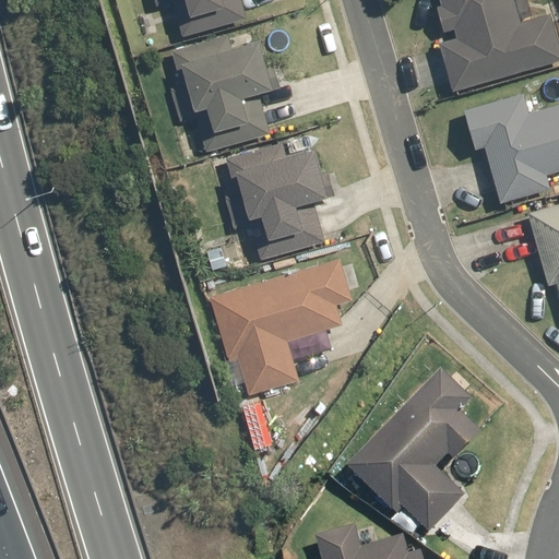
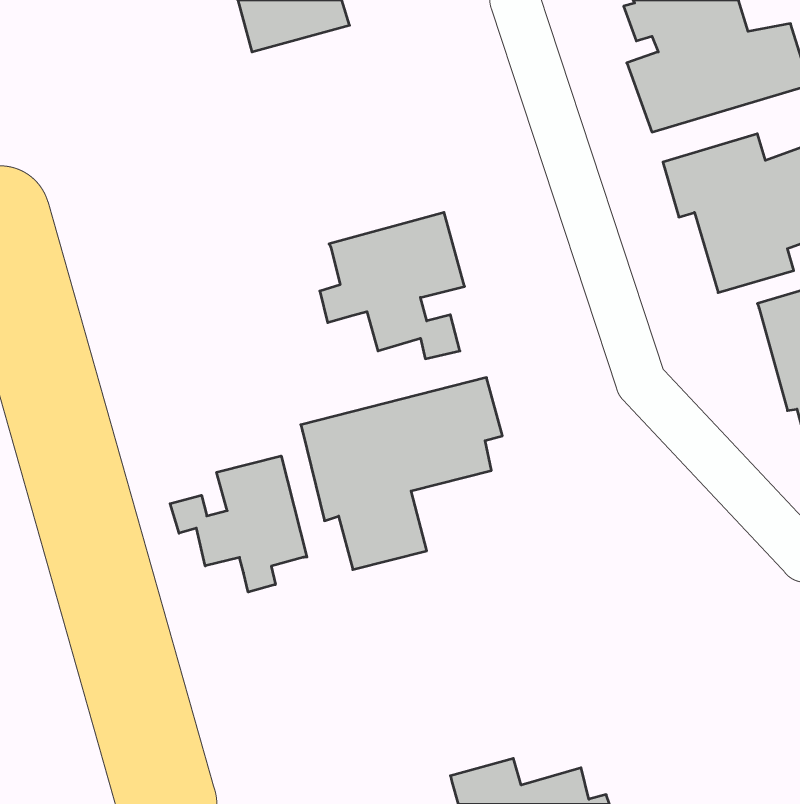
building: [170,34,278,145] -> none
building: none -> [170,456,307,592]
building: [346,376,485,536] -> none

